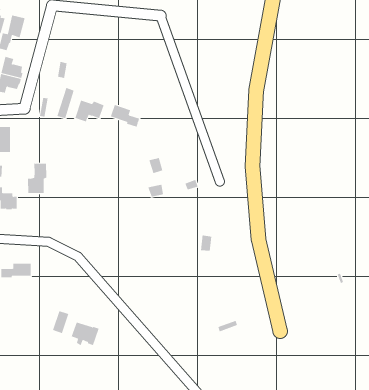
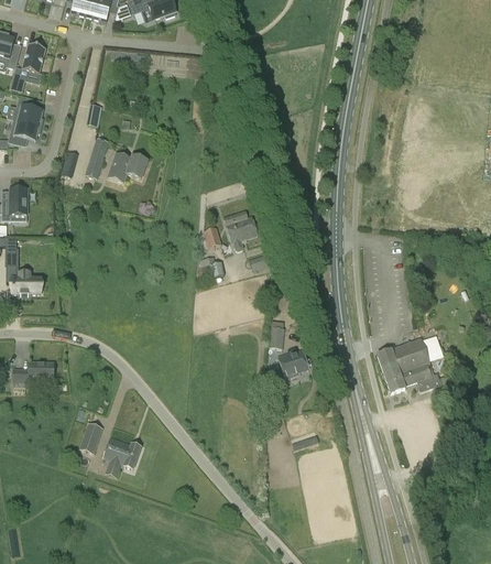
building: [110,104,140,128] -> none
building: none -> [223,210,257,250]
building: [28,162,47,194] -> none
building: none -> [377,337,440,392]
building: none -> [277,349,308,378]

